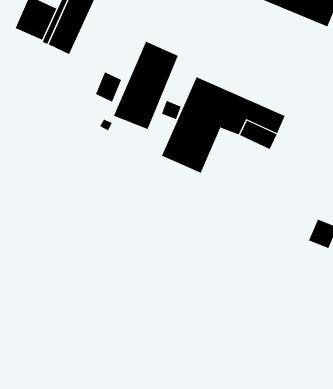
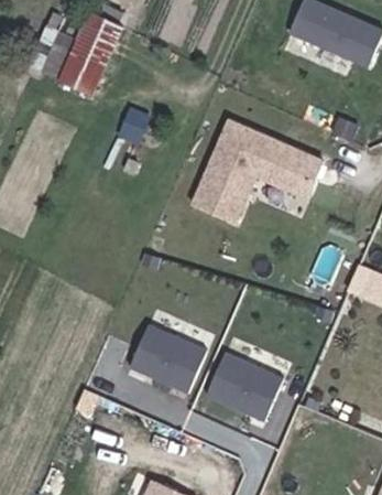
building: [113,41,178,130] -> none
building: none -> [135,321,212,389]
building: none -> [209,354,286,422]

